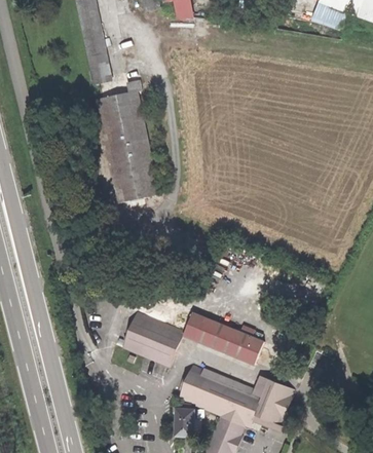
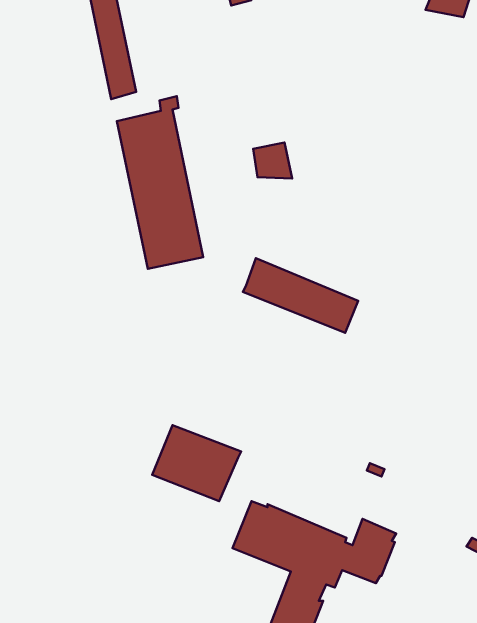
building: none -> [253,142,292,178]
building: [182,310,263,363] -> [243,258,358,333]
building: [174,407,193,435] -> none

